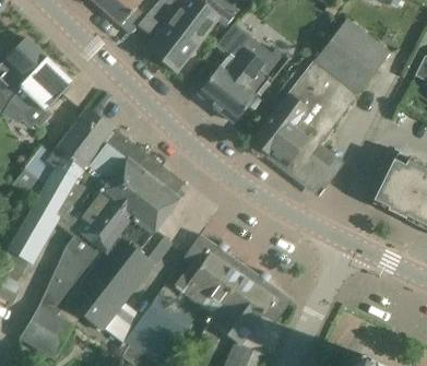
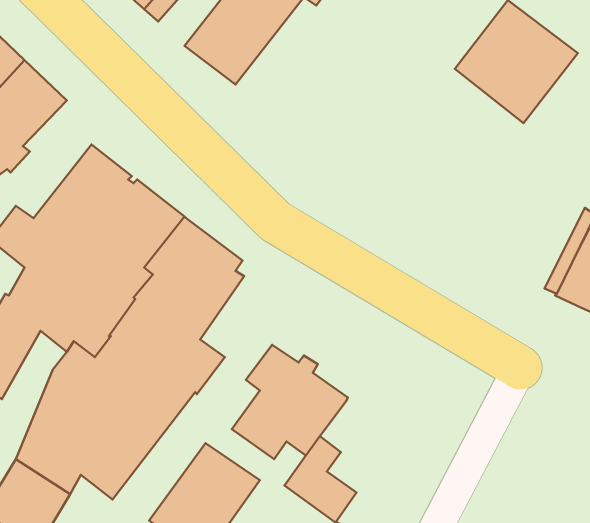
building: [198,24,288,122] -> none
building: [249,62,356,198] -> none
building: [229,267,292,326] -> none

